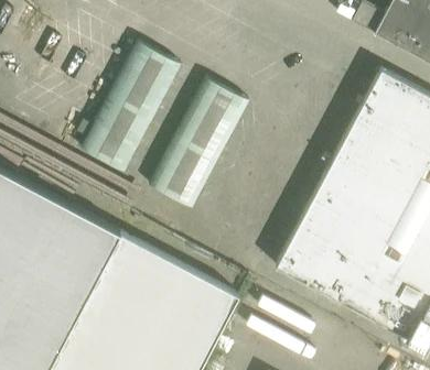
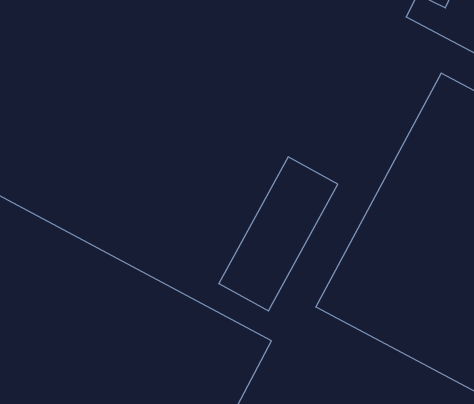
building: [80,43,180,172] -> none
building: [148,79,248,209] -> [219,157,338,311]

